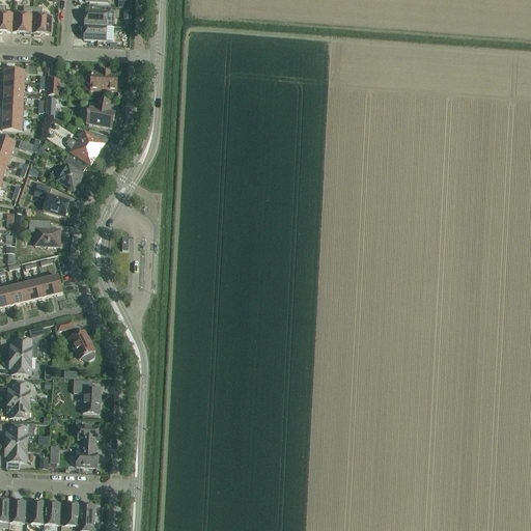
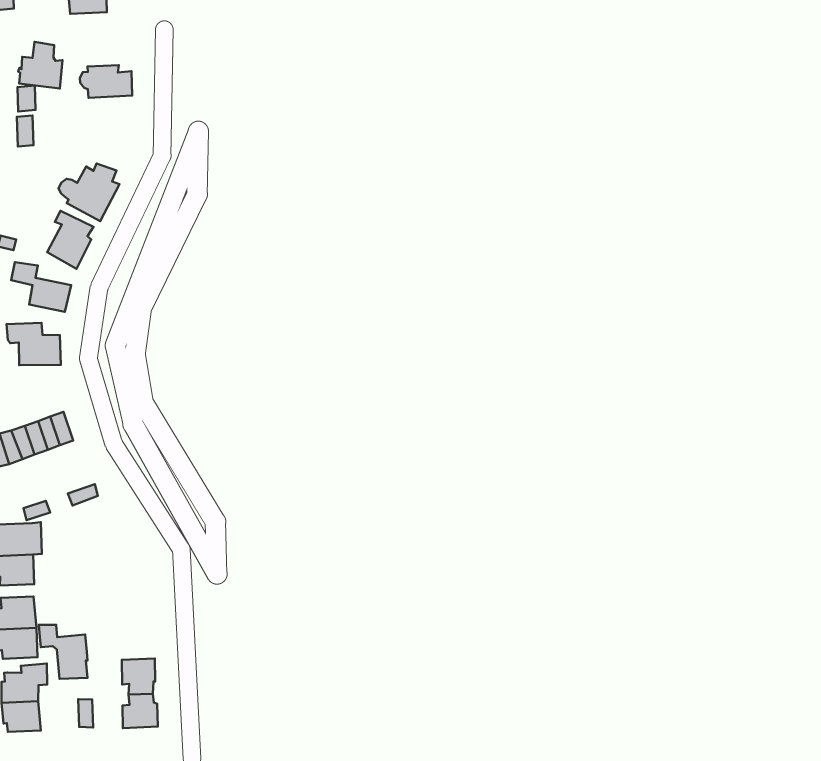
building: [86,97,113,127] -> [18,42,63,88]
building: [67,329,94,360] -> none
building: [73,379,100,413] -> [39,625,87,679]

